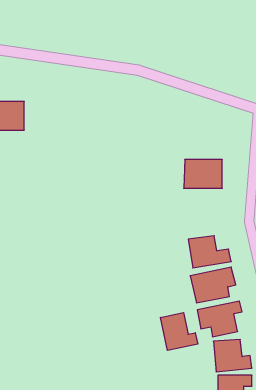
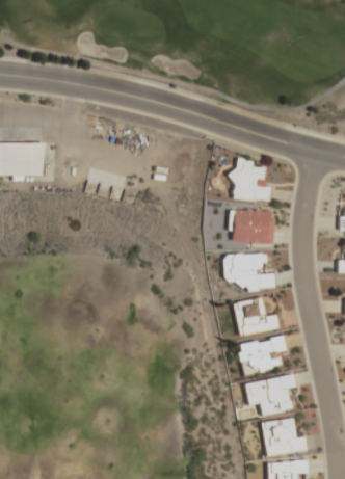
building: none -> [232,159,271,199]
building: none -> [223,252,275,288]
building: [160,313,198,350] -> none

